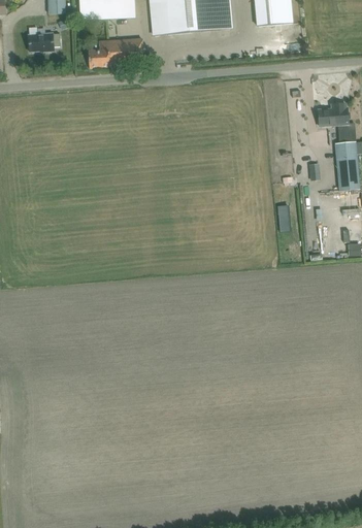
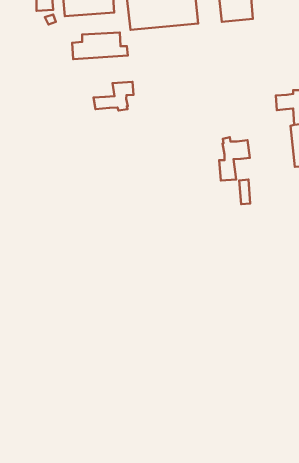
building: [27,25,60,51] -> none
building: none -> [94,82,133,110]
building: none -> [219,137,250,181]

